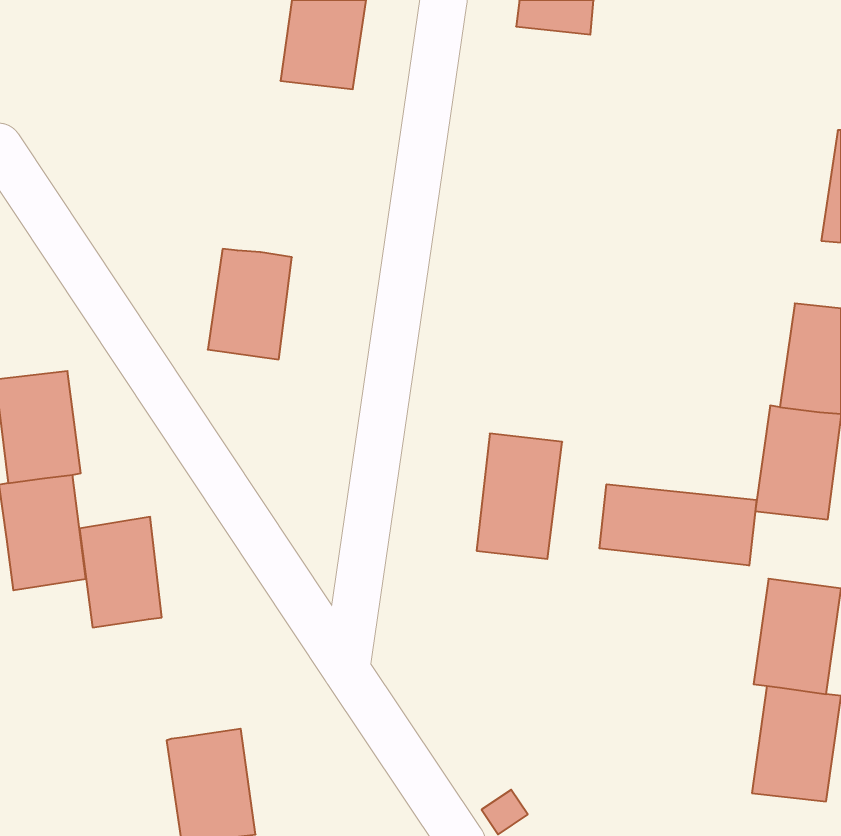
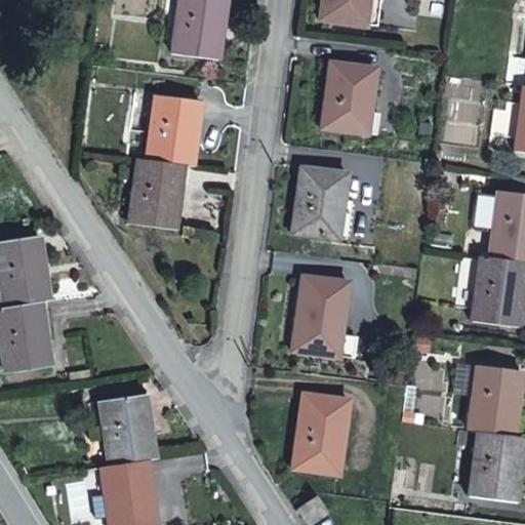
building: none -> [323,63,374,131]
building: none -> [148,95,201,165]
building: none -> [292,167,344,236]
building: [599,484,757,566] -> none
building: [79,517,162,627] -> [107,394,158,462]
building: none -> [297,393,351,474]

